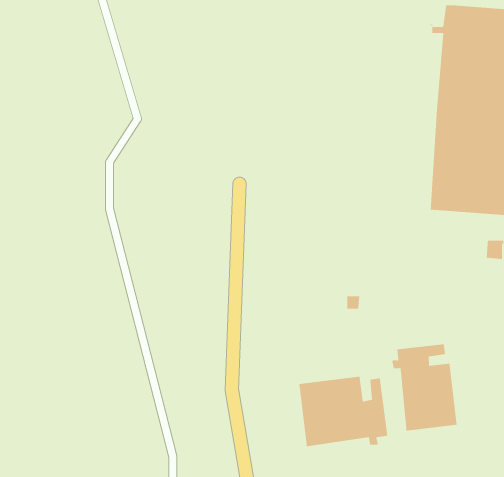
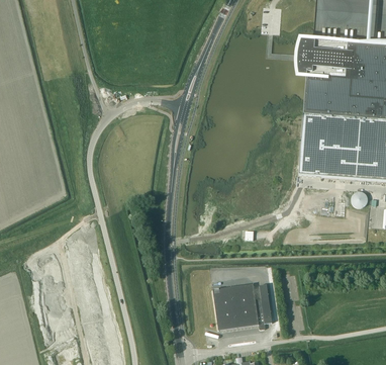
building: [392,343,458,432] -> none

